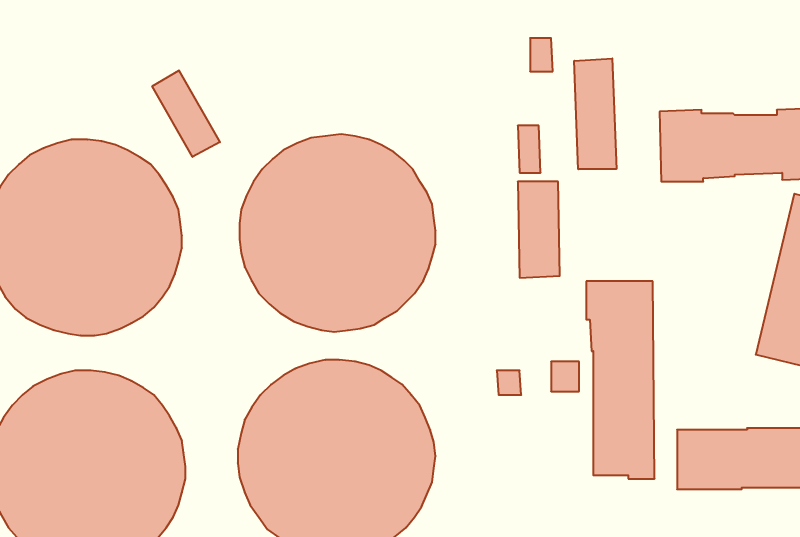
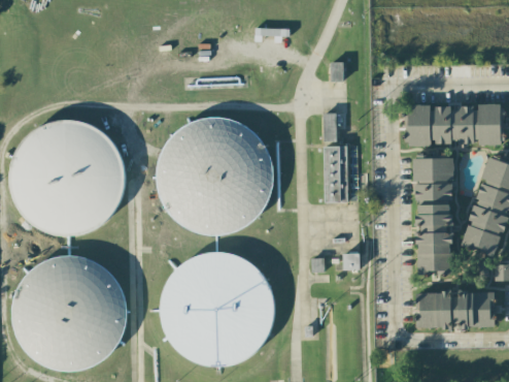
building: [574,58,616,169] -> none
building: [152,70,220,157] -> none
building: [586,281,655,479] -> [413,157,453,274]

